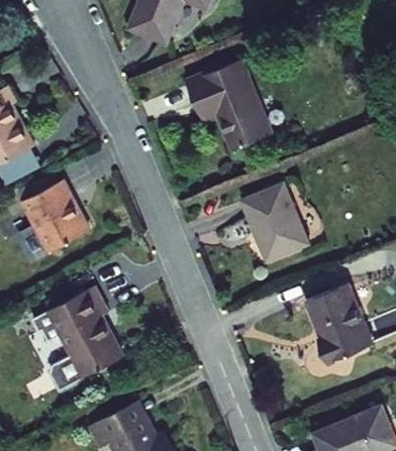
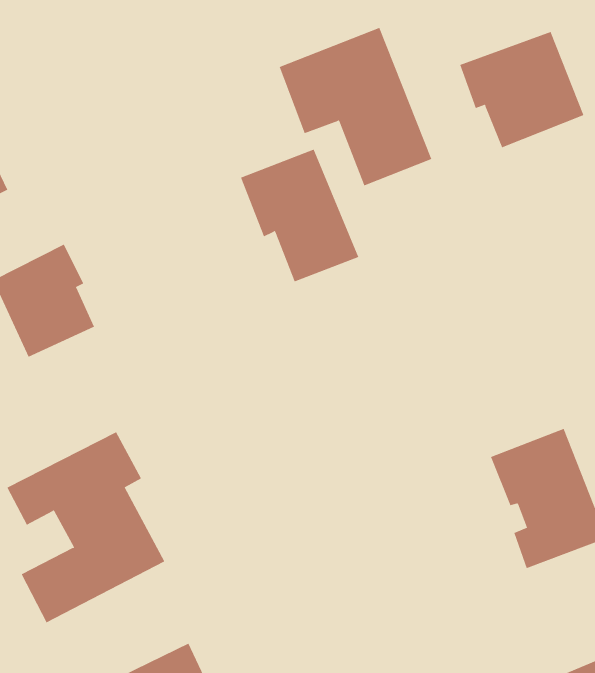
building: none -> [460,31,584,148]
building: [240,183,307,257] -> [240,149,359,282]

